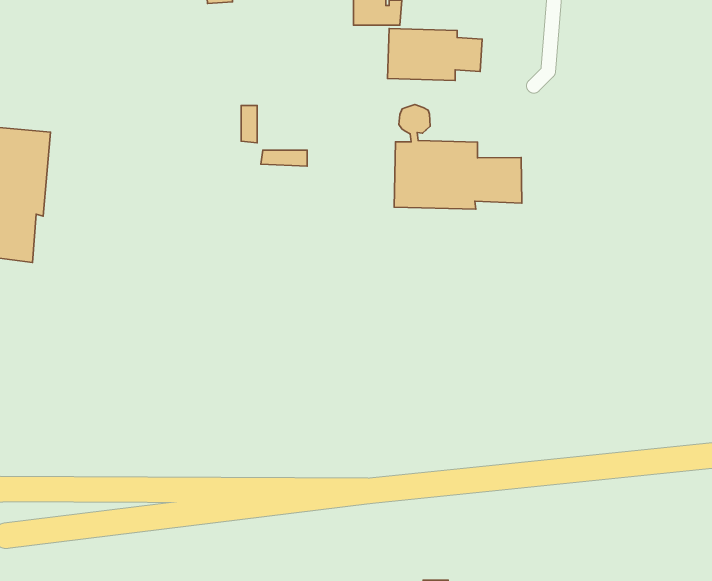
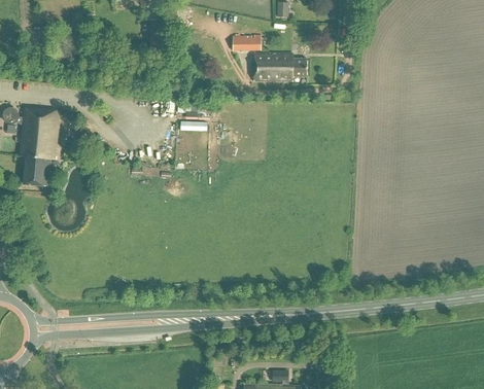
building: [394,105,522,209] -> none

